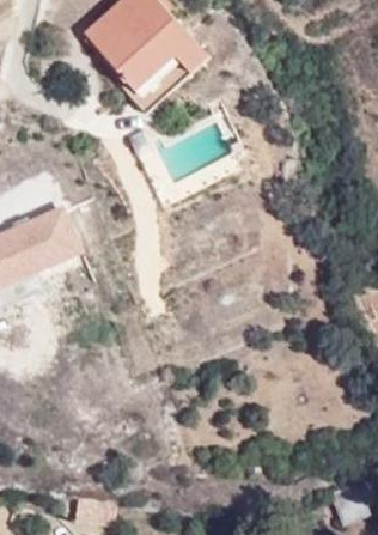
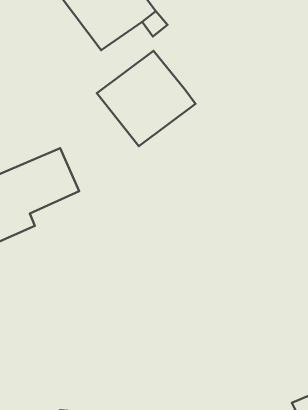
building: none -> [97,51,195,146]

